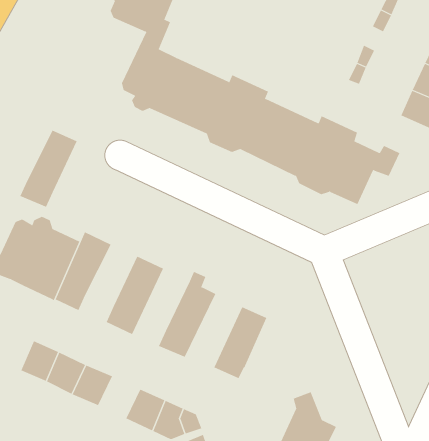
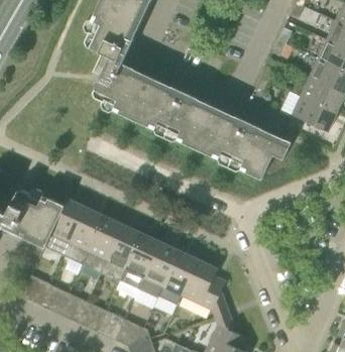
building: [19,130,78,208] -> [64,207,105,262]
building: none -> [102,224,142,279]
building: none -> [139,242,180,297]
building: none -> [182,259,229,317]
building: none -> [78,301,107,331]

